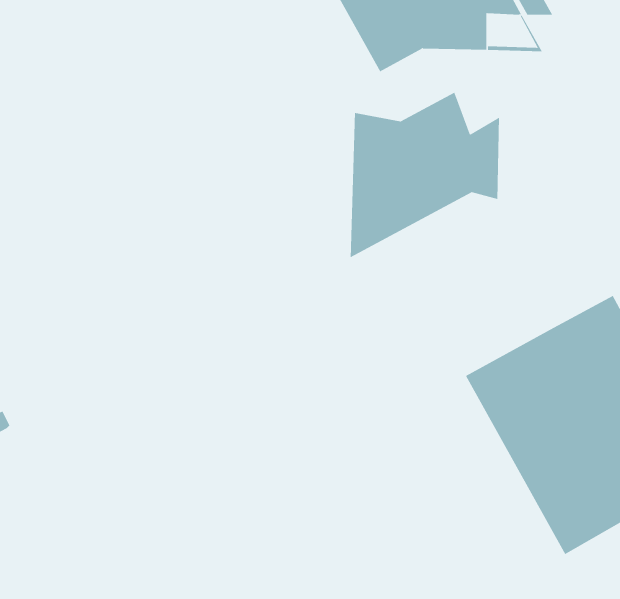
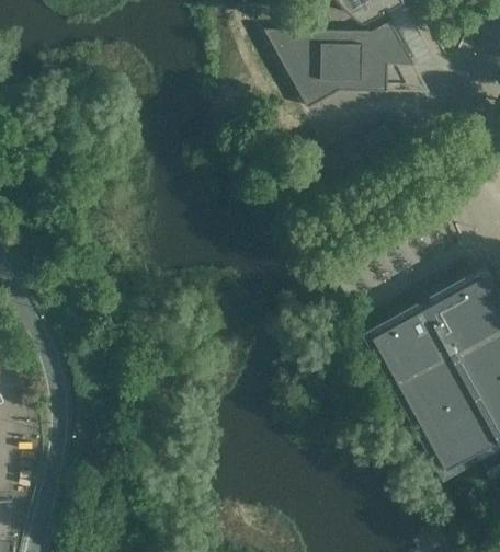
building: [350,92,499,258] -> none

